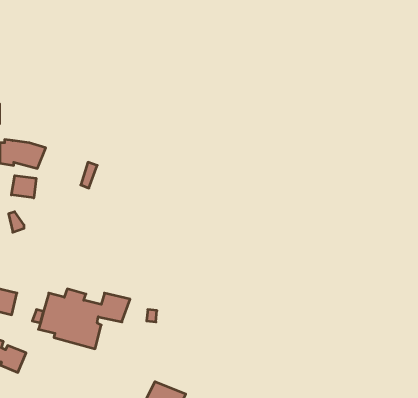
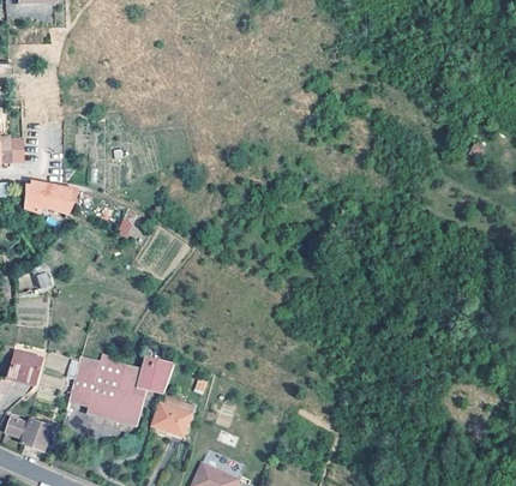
building: [11,176,36,198] -> none
building: none -> [155,403,193,436]

